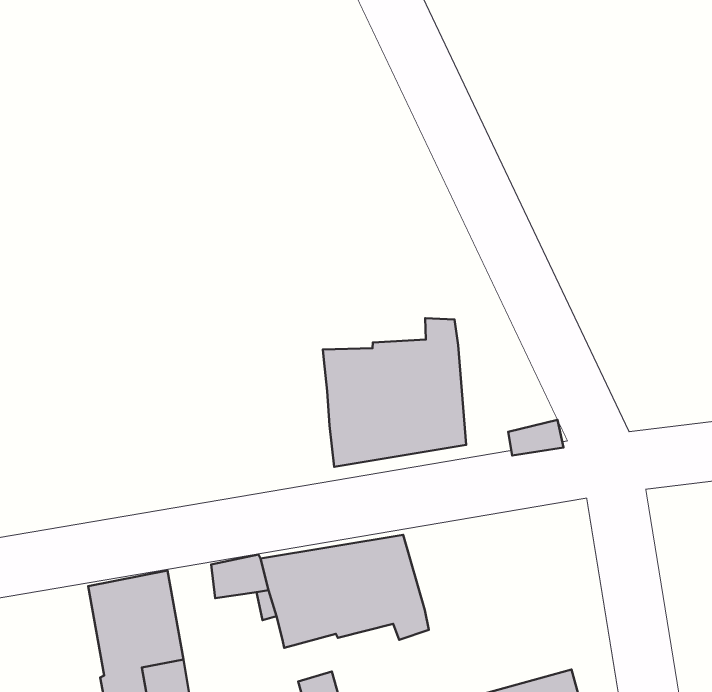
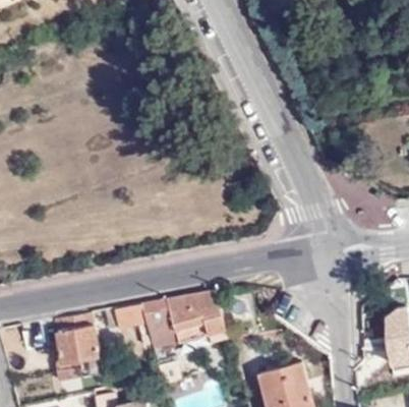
building: [323,318,466,467] -> none

